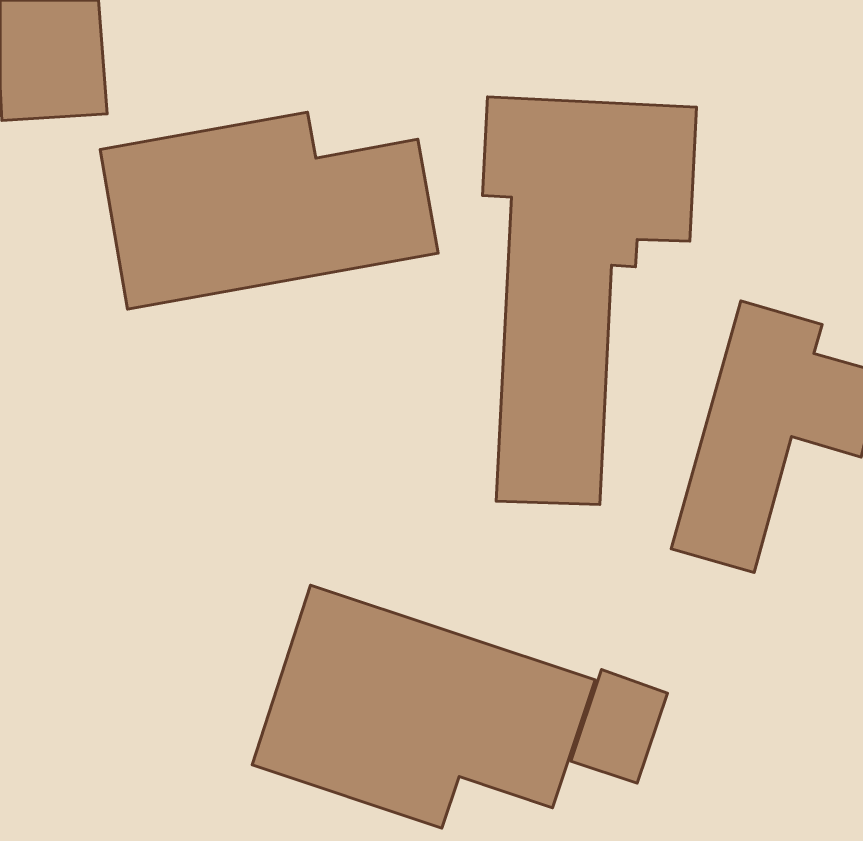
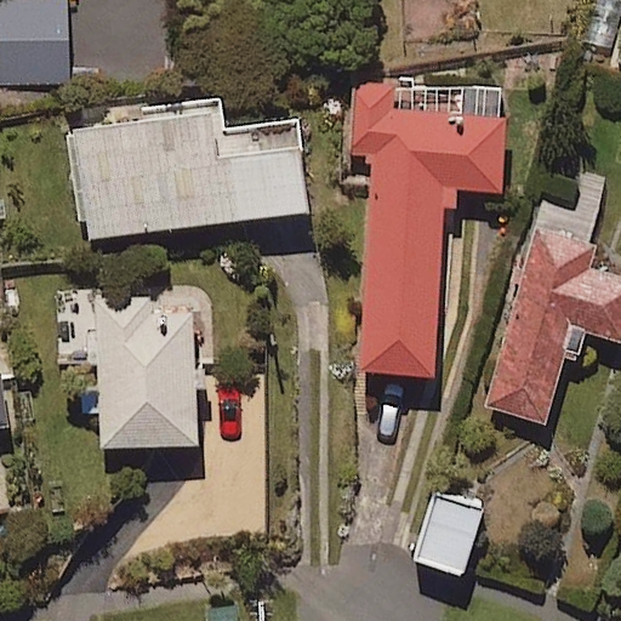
building: none -> [95,298,210,449]
building: [252,585,595,828] -> none

